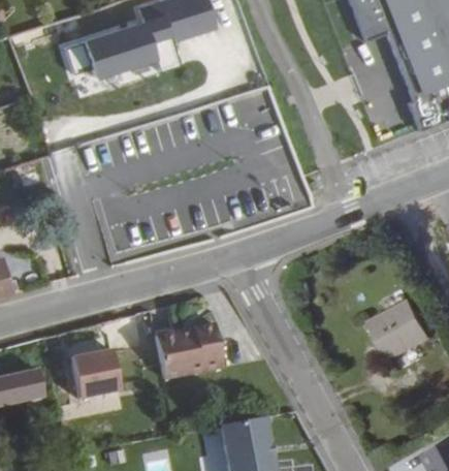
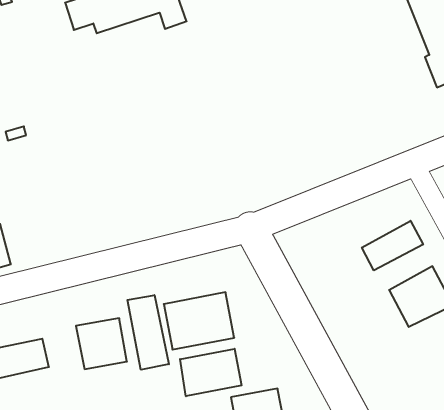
building: none -> [362,221,423,270]
building: none -> [127,295,169,370]
building: none -> [180,349,242,396]

